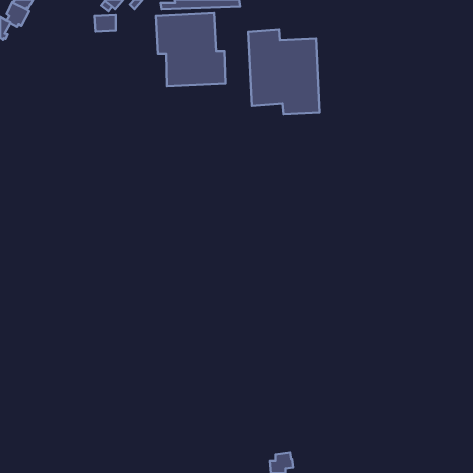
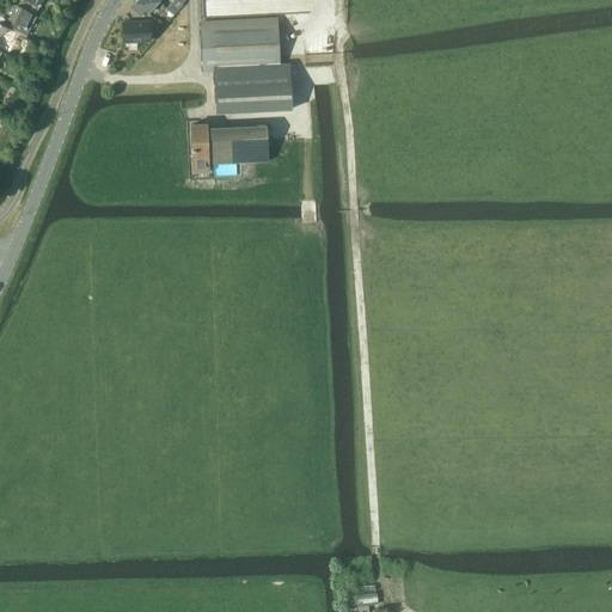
building: [248,30,320,114] -> none
building: none -> [191,122,269,170]

